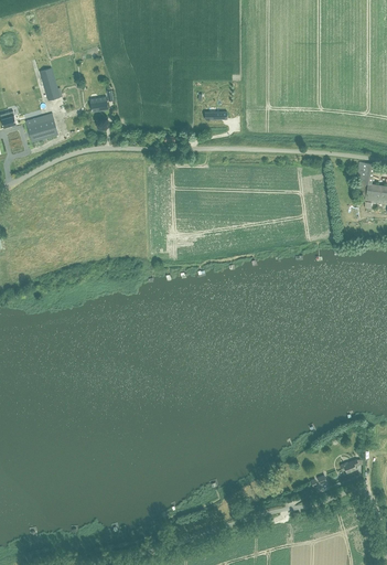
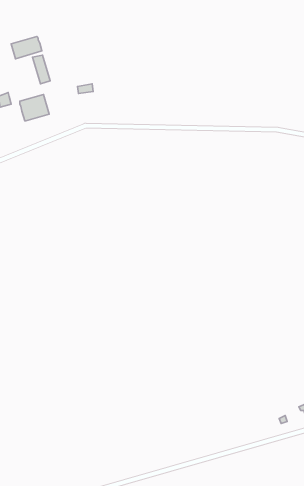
building: none -> [11,36,42,59]

